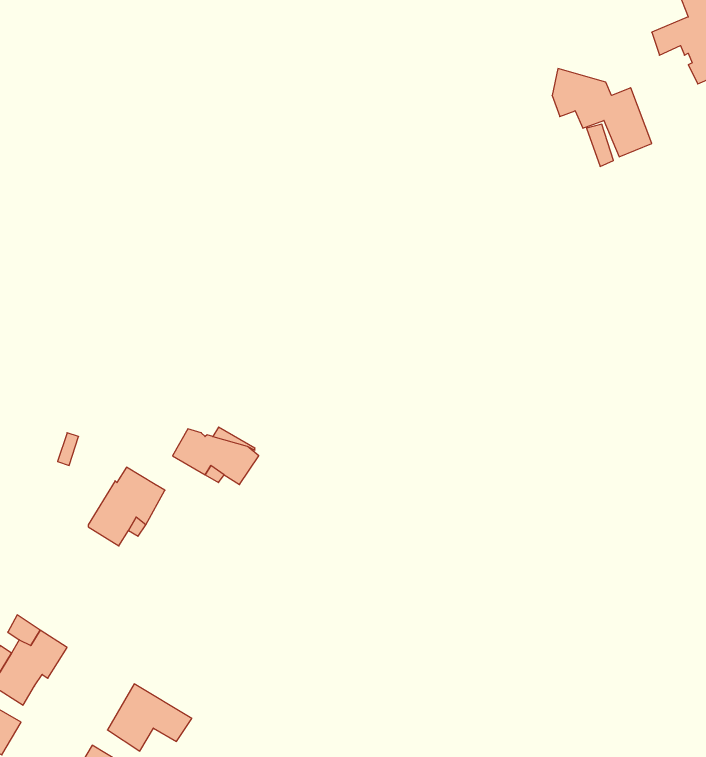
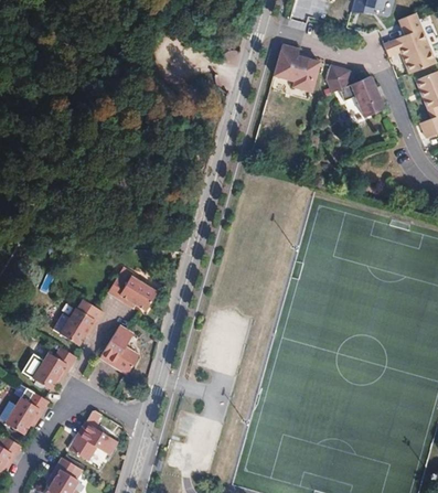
building: none -> [275,45,320,93]
building: none -> [102,322,140,371]
building: none -> [22,344,76,386]

